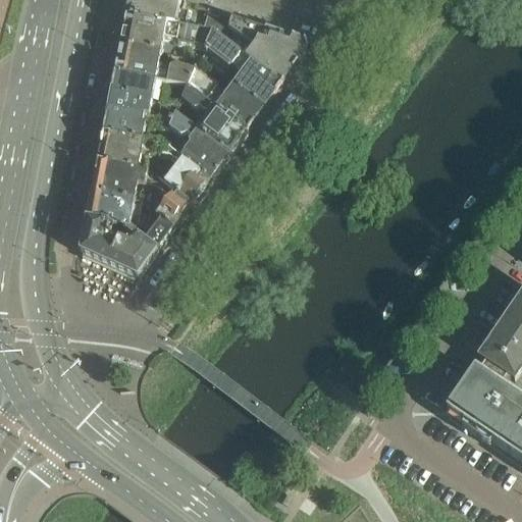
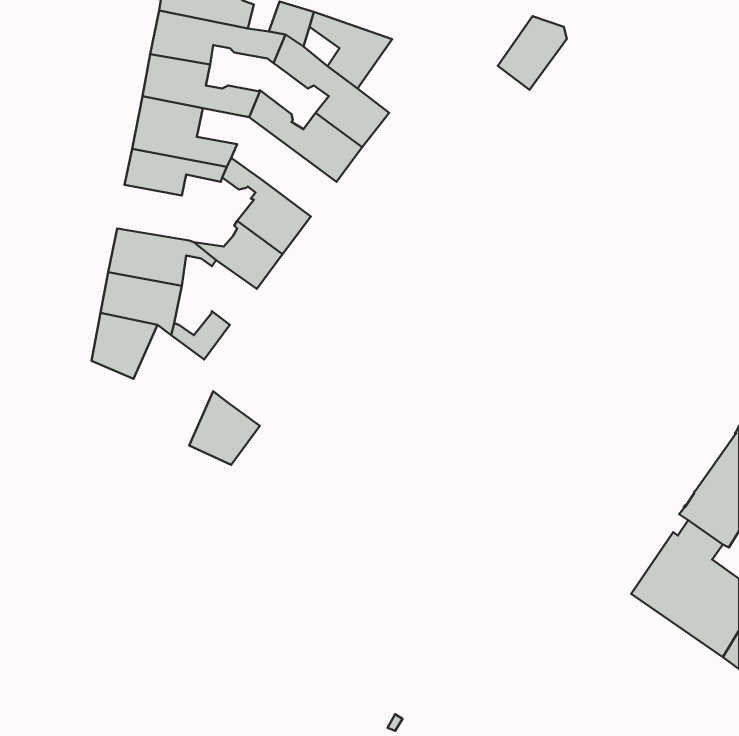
building: [260,29,307,79] -> [498,16,567,90]
building: [180,82,246,149] -> none
building: [97,127,178,165] -> none
building: [155,178,192,222] -> none
building: [108,222,156,272] -> [189,391,260,465]

